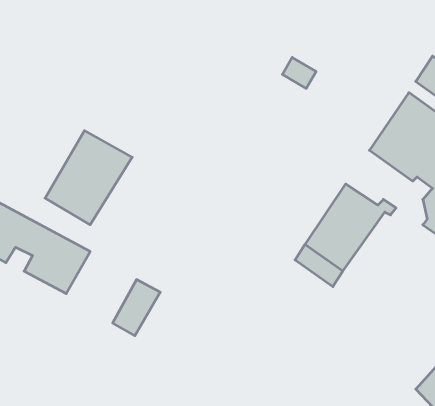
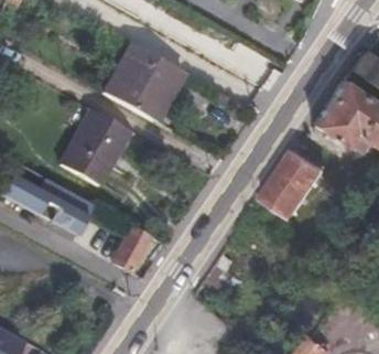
building: none -> [101,40,184,121]

